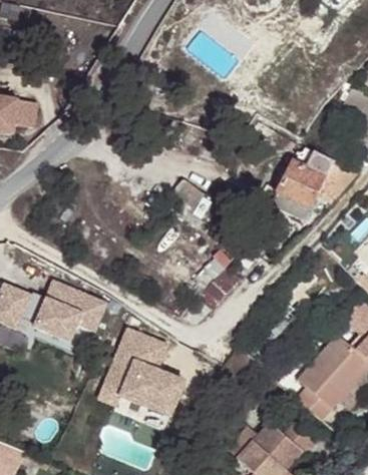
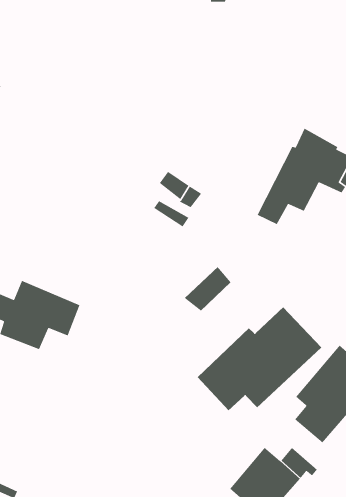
building: none -> [197,307,322,411]
building: [98,326,191,428] -> none

